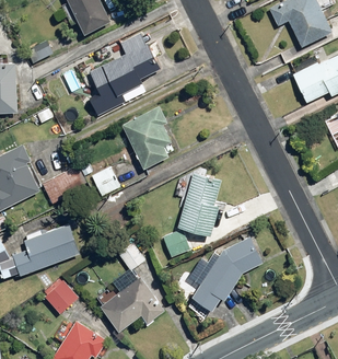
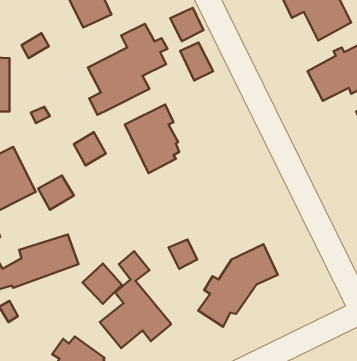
building: none -> [170,8,204,41]
building: none -> [180,42,213,80]
building: [91,166,120,197] -> [74,132,106,165]
building: [178,171,221,235] -> none
building: [42,277,78,314] -> [83,264,122,304]

